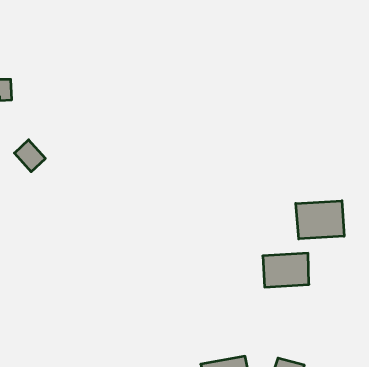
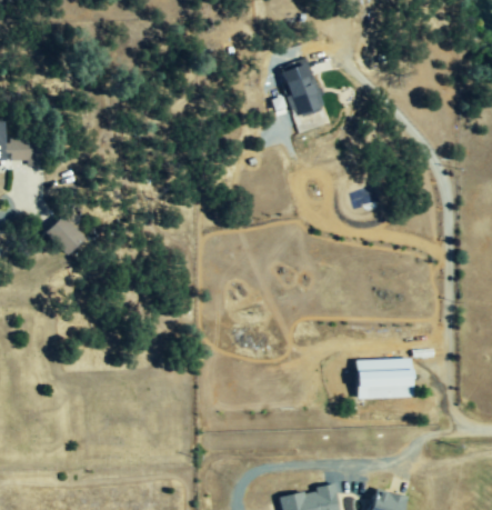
building: none -> [283,63,322,118]
building: [296,201,344,239] -> none

